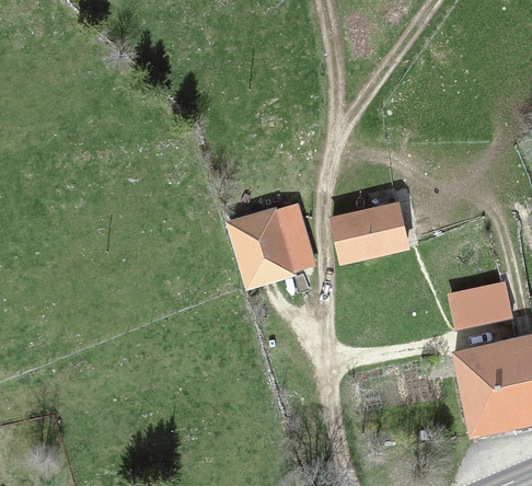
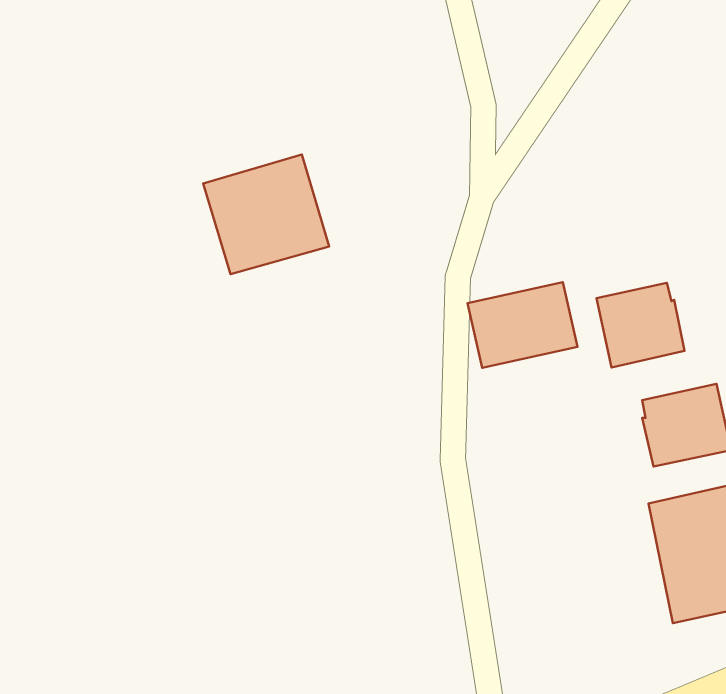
building: none -> [596,283,685,367]
building: [229,206,314,287] -> [203,155,329,274]

